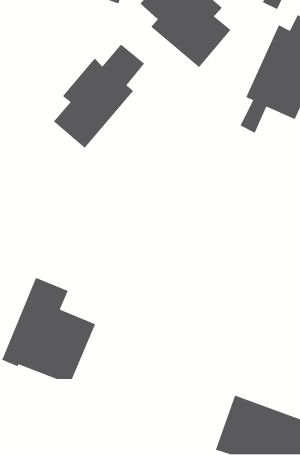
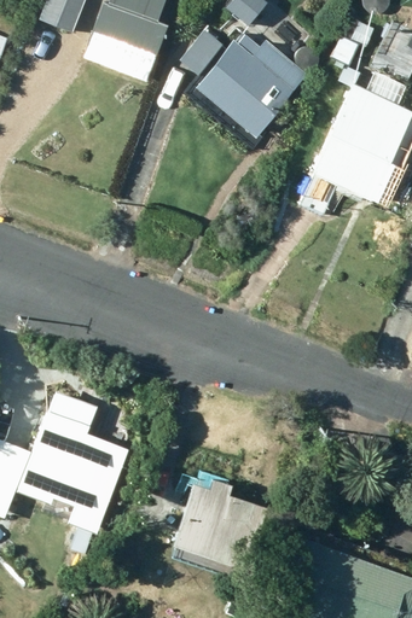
building: [53,44,145,149] -> none
building: none -> [167,480,263,573]

